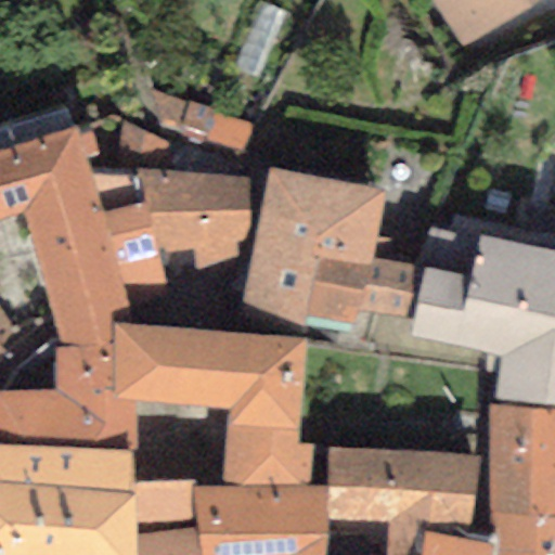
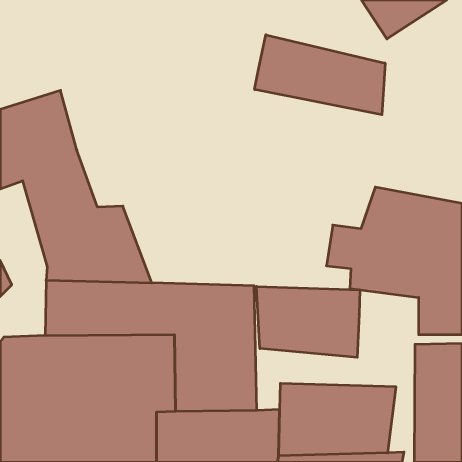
building: none -> [255,35,385,115]
building: [92,127,241,248] -> none
building: [258,184,399,319] -> none
building: none -> [257,286,360,357]

